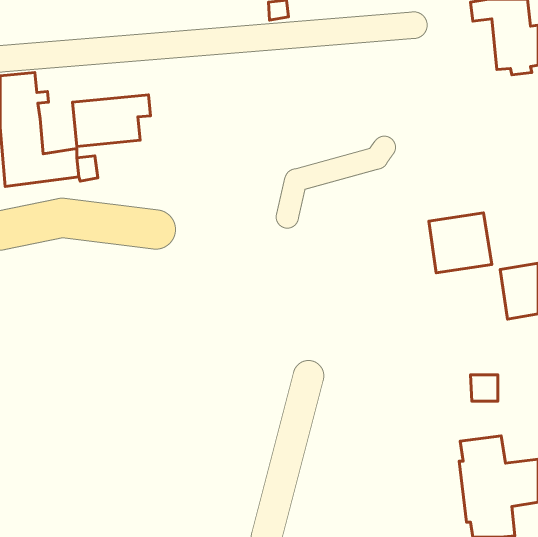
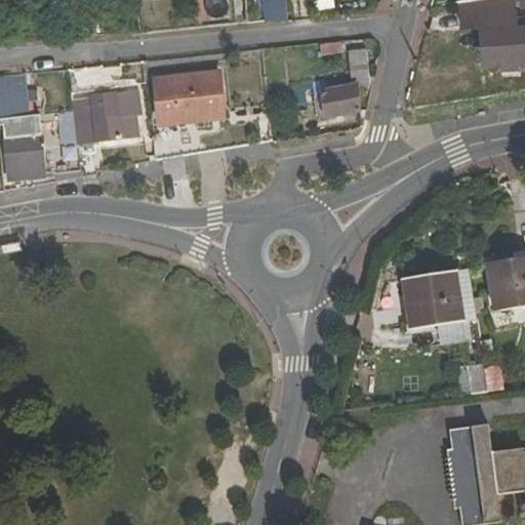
building: none -> [318,49,364,120]
building: none -> [152,71,224,125]
building: [429,213,492,273] -> [403,271,465,329]

